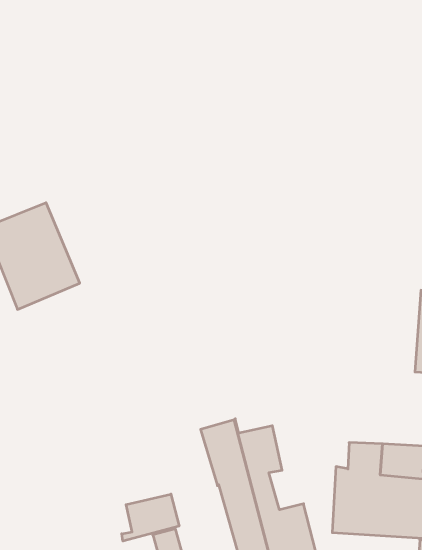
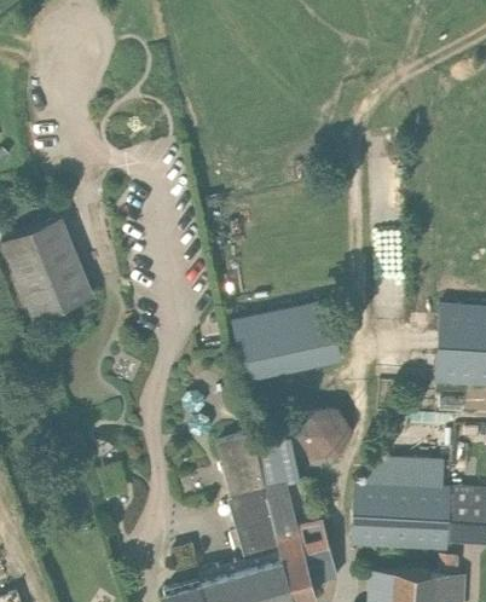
building: none -> [232,299,340,375]
building: none -> [299,406,352,455]
building: [122,494,179,541] -> none

